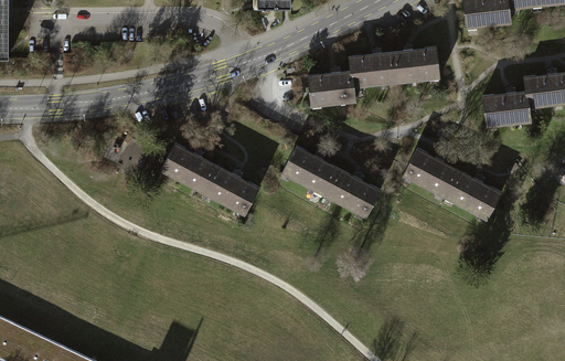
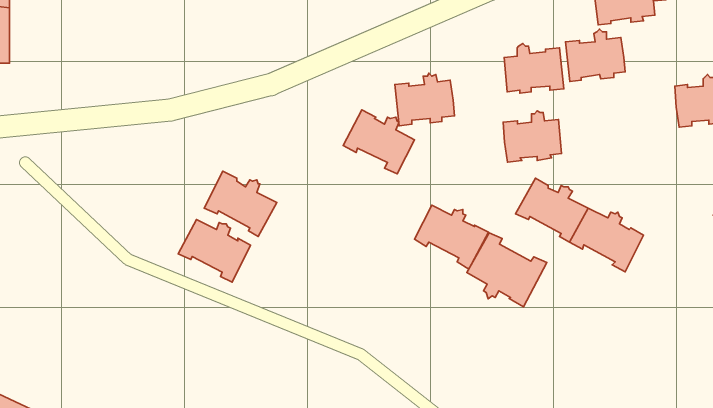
building: [350,49,395,88] -> [503,111,561,162]
building: [483,87,530,128] -> [565,29,625,82]
building: [281,147,337,197] -> [343,110,414,174]
building: [202,168,258,216] -> [178,220,250,282]
building: none -> [467,233,547,307]

